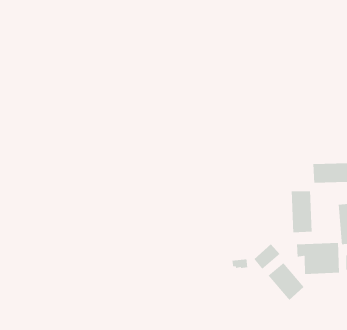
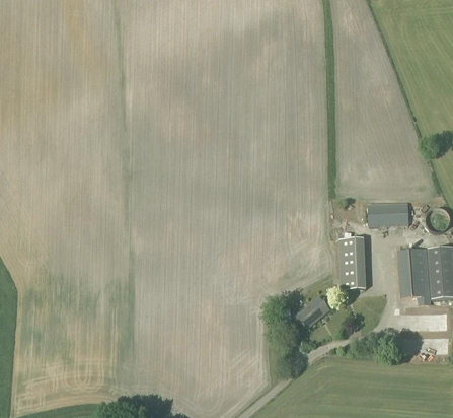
building: [296,242,340,275] -> none
building: [267,262,305,301] -> none

